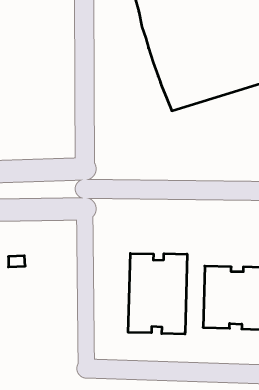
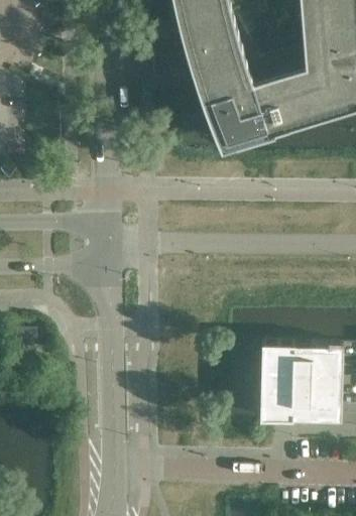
building: [128,253,187,334] -> none

